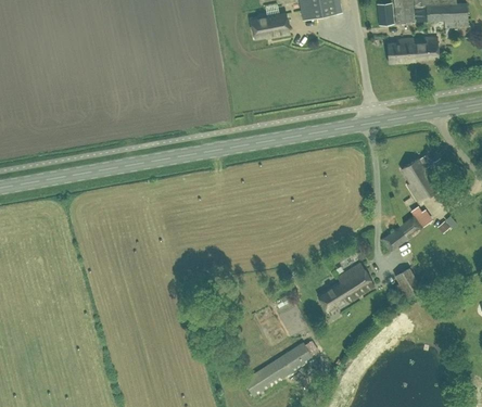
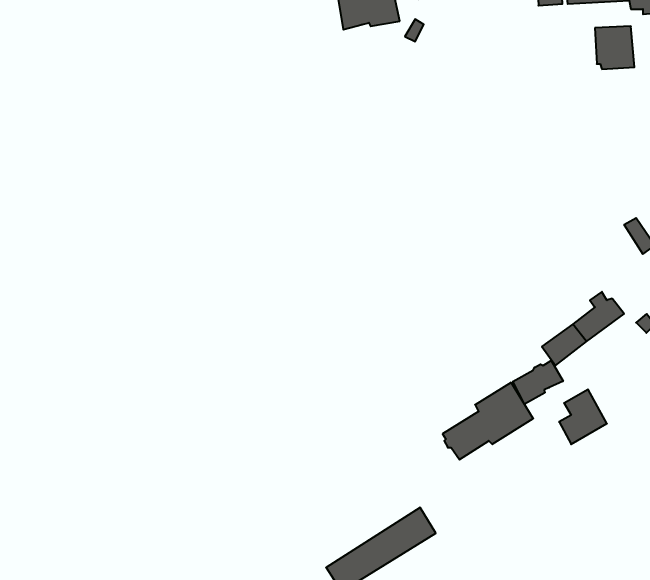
building: [388,37,416,62] -> none
building: [402,157,442,201] -> none
building: none -> [513,361,563,404]

